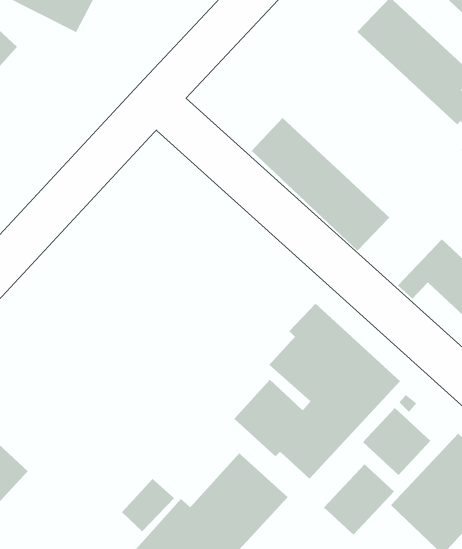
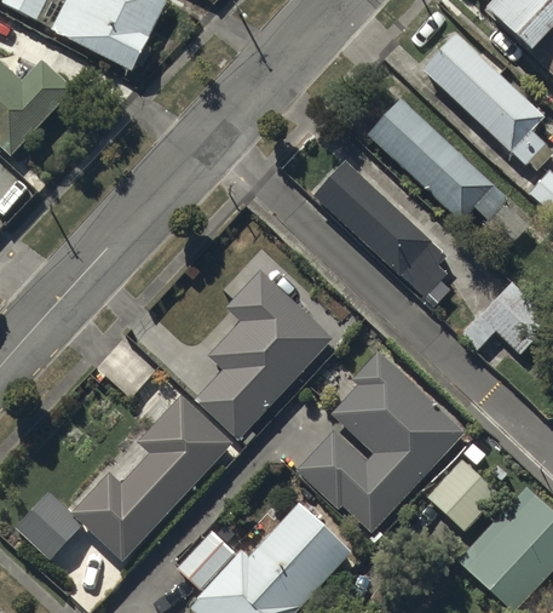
building: none -> [367,96,509,219]
building: none -> [195,268,335,440]
building: none -> [73,394,232,558]
building: [323,463,395,536] -> none

